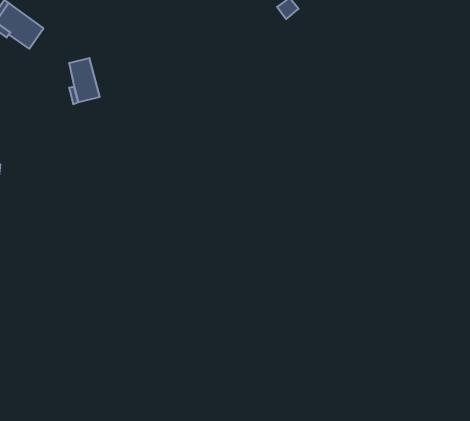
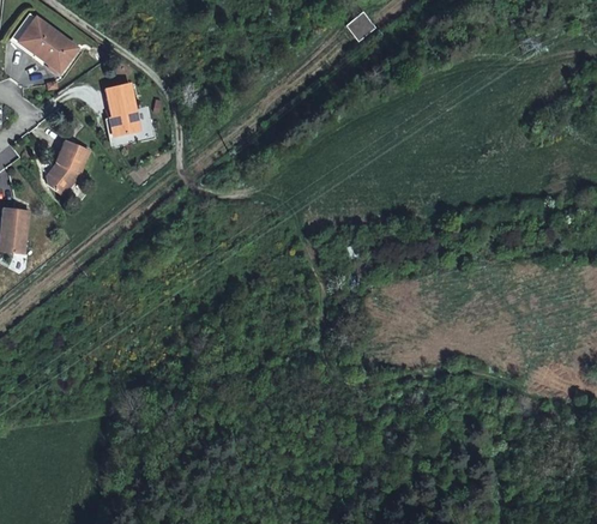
building: none -> [46,140,91,194]

